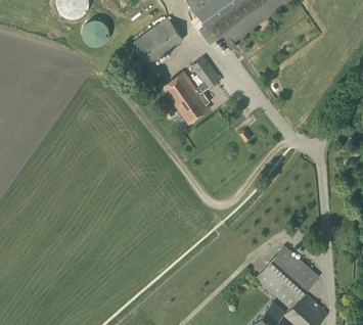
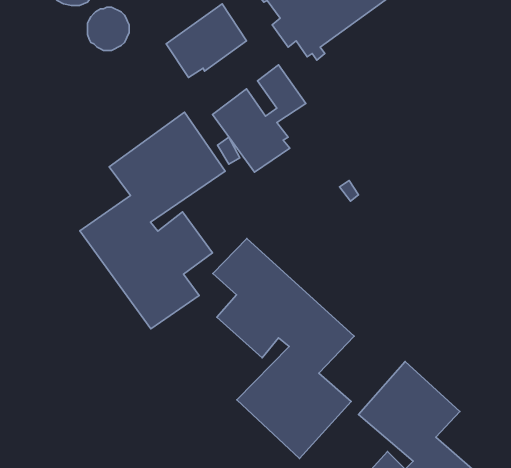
building: none -> [80,112,225,329]
building: none -> [213,239,354,459]

